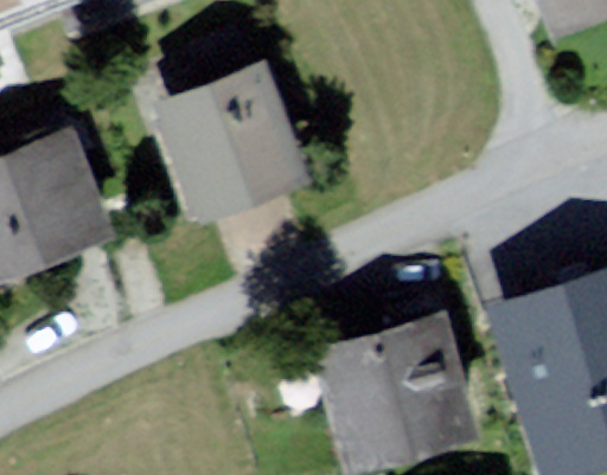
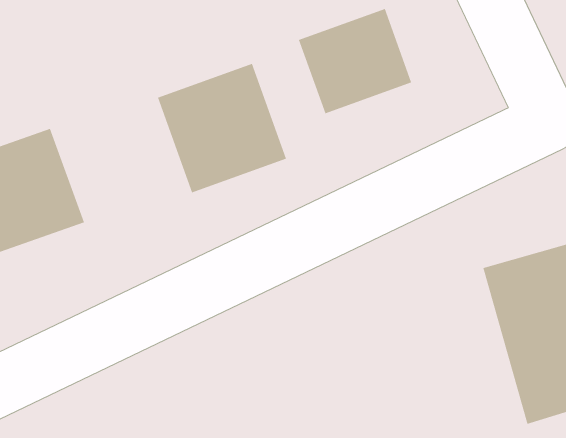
building: none -> [298,8,412,114]
building: [319,309,460,441] -> none

